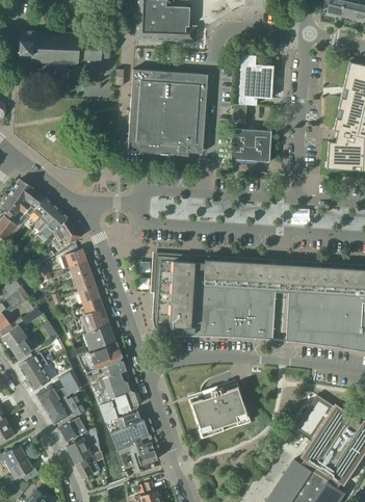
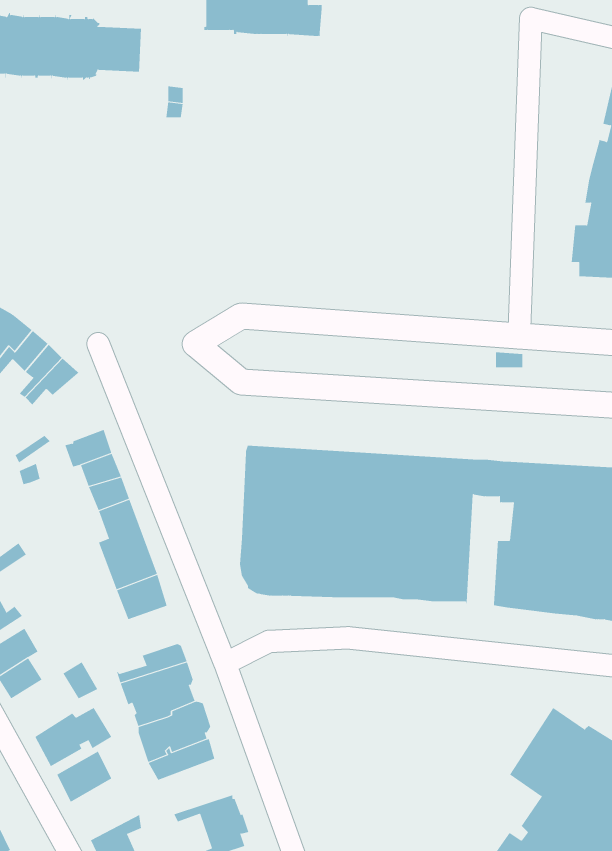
building: [234,54,273,106] -> none
building: [128,69,208,156] -> none
building: [231,120,279,161] -> none
building: [52,218,81,252] -> none
building: [78,344,123,373] -> none
building: [189,382,251,438] -> none
building: [36,385,69,409] -> none
building: [110,420,150,451] -> none
building: [67,427,101,464] -> none

